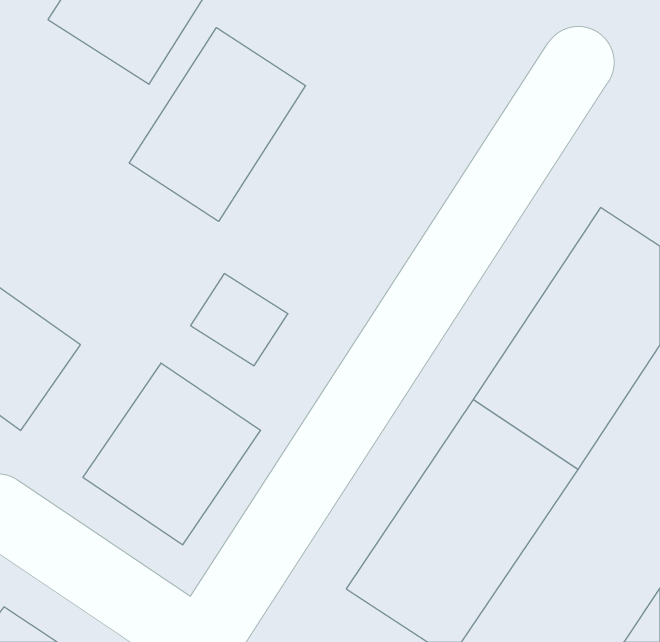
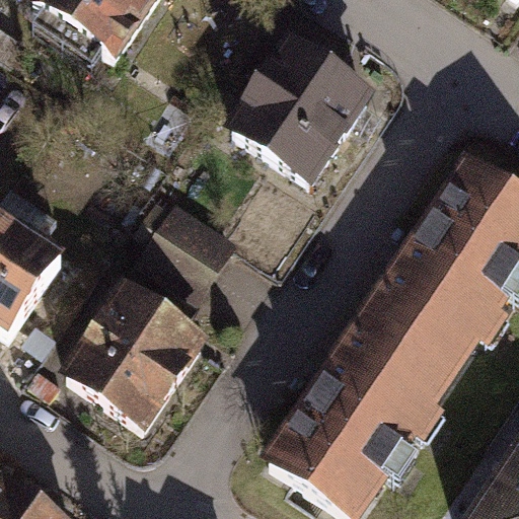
building: [129,28,306,221] -> none
building: none -> [229,43,370,190]

